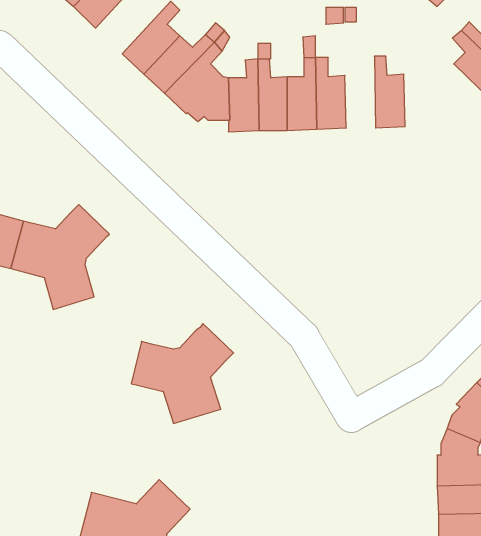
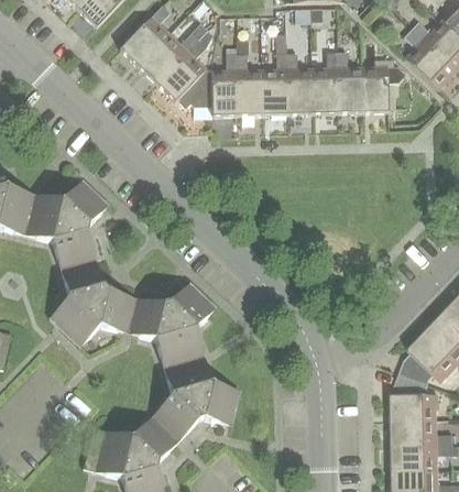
building: none -> [312,51,338,112]
building: none -> [362,65,406,111]
building: none -> [48,258,136,346]
building: none -> [152,354,240,440]

